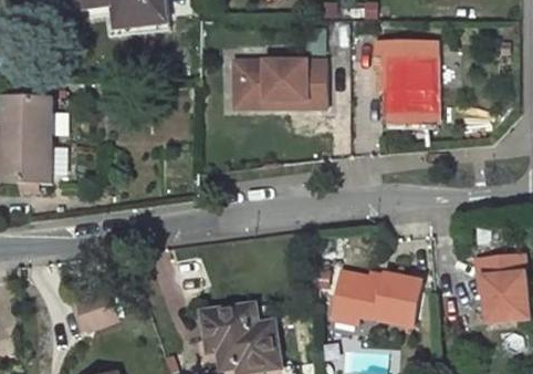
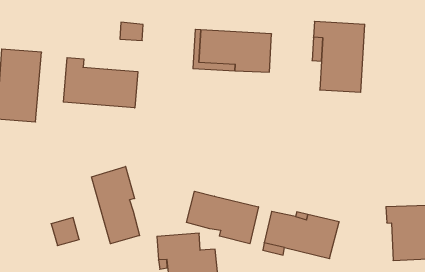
building: none -> [63,58,138,108]
building: none -> [91,166,140,244]
building: none -> [187,191,258,244]

